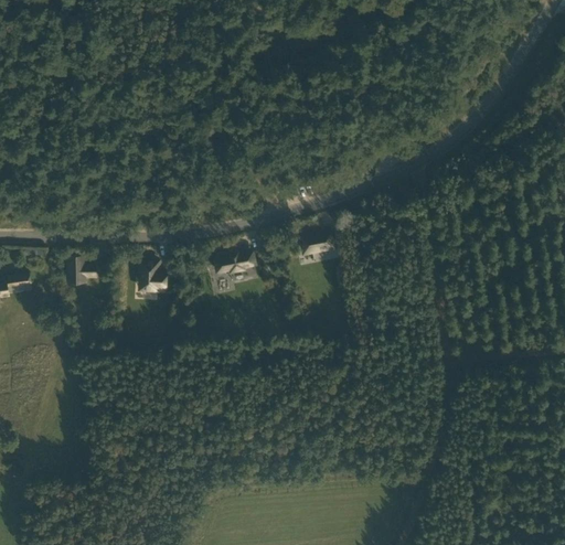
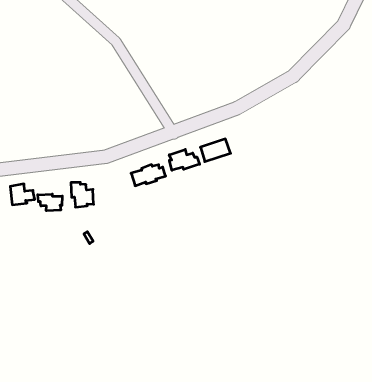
building: none -> [169,149,200,170]
building: none -> [38,194,62,211]

